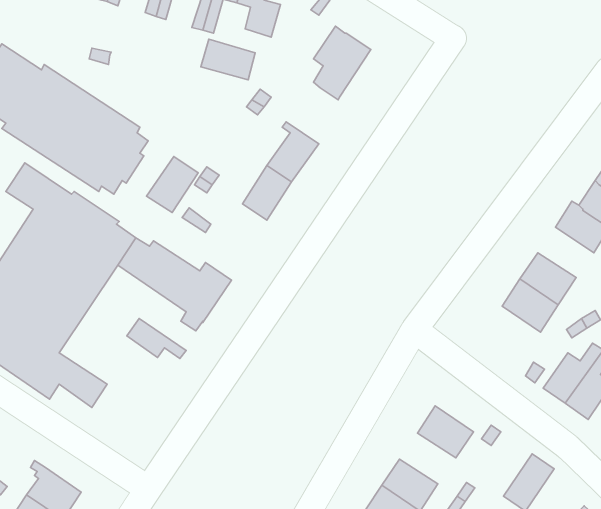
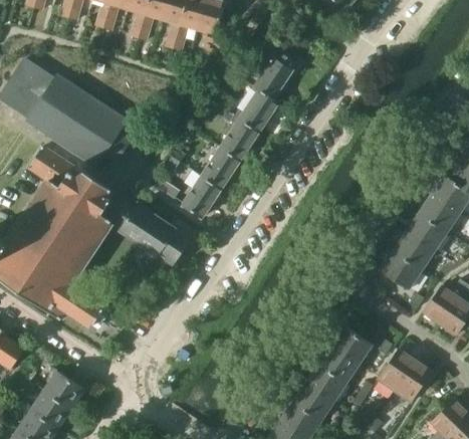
building: [201,39,255,80] -> none
building: none -> [234,91,277,133]
building: [146,156,198,212] -> [182,177,220,218]
building: none -> [419,194,460,231]
building: none -> [380,252,421,289]
building: [127,319,186,359] -> none
building: none -> [317,346,359,383]
building: none -> [377,349,415,392]

